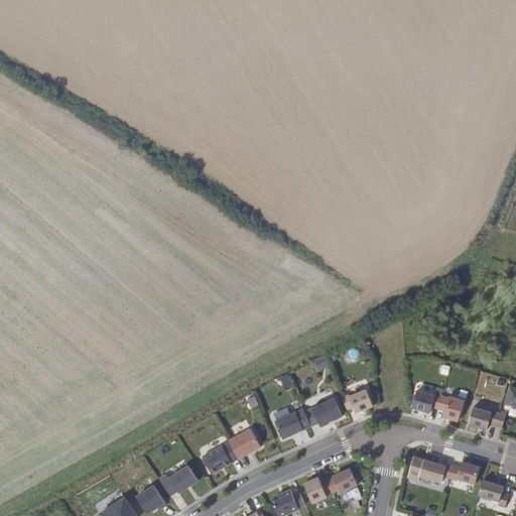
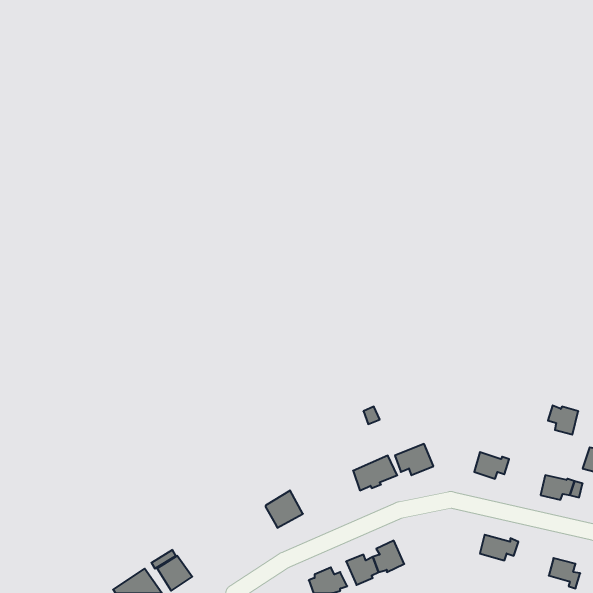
building: [438,397,465,422] -> [548,405,578,435]
building: [276,404,313,436] -> none
building: [206,438,241,471] -> none
building: [161,461,201,494] -> none
building: [446,465,478,487] -> none

